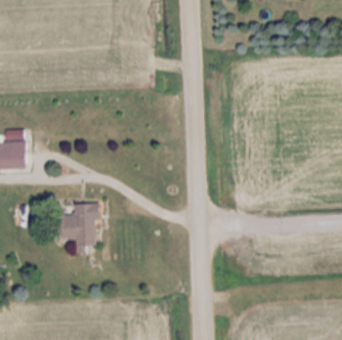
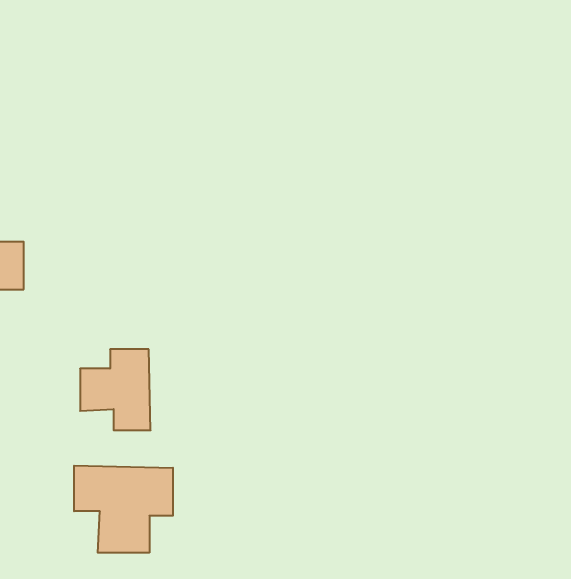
building: none -> [74,466,173,553]

